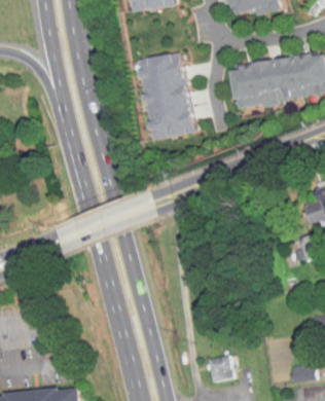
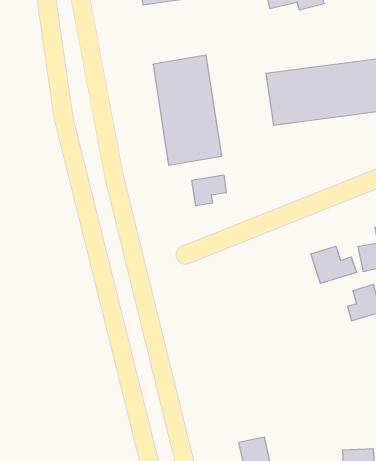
building: none -> [192,175,226,206]
building: none -> [311,246,357,283]

